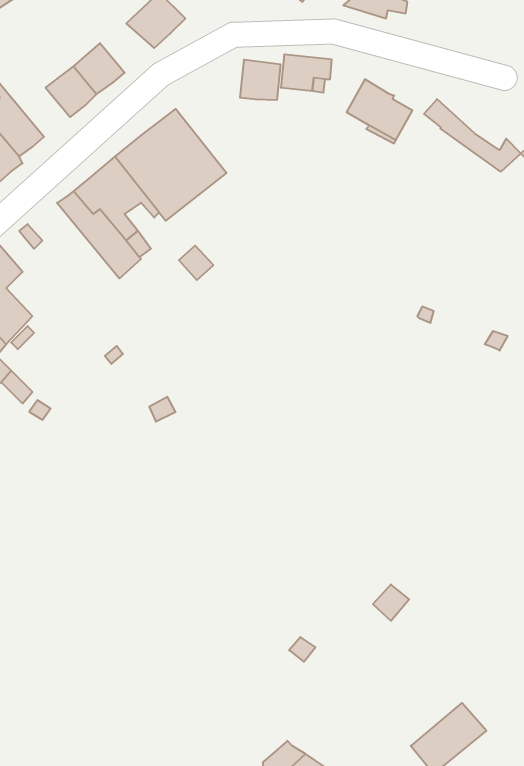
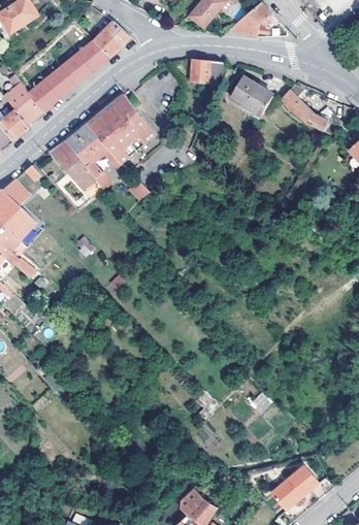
building: none -> [76,40,110,71]
building: [240,60,280,100] -> none
building: none -> [26,80,58,111]

